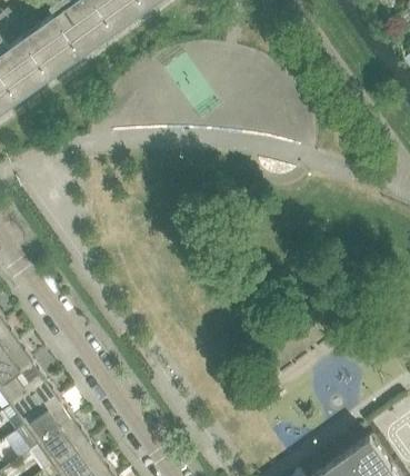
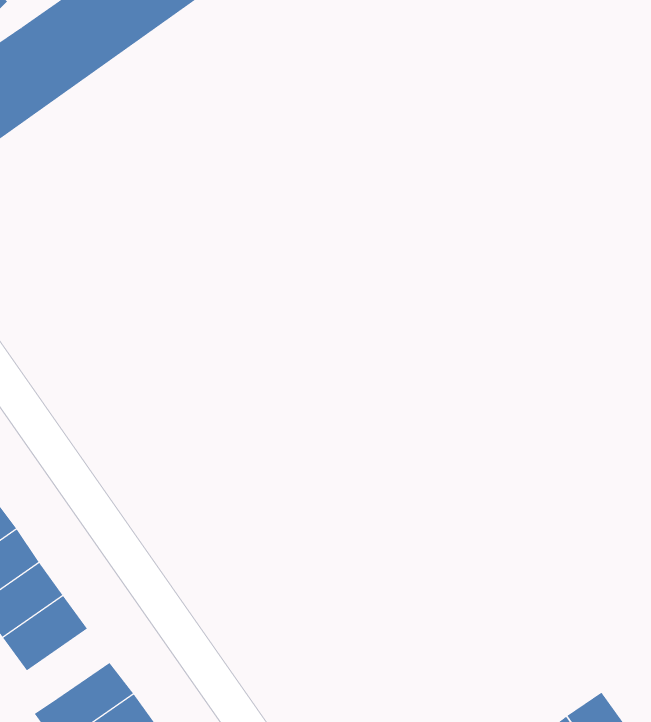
building: [14,399,73,450] -> none

